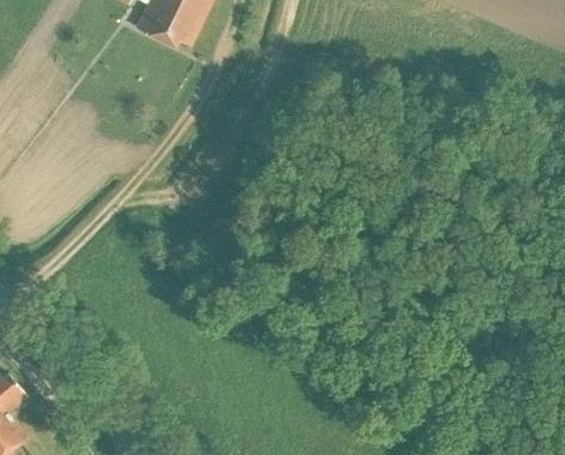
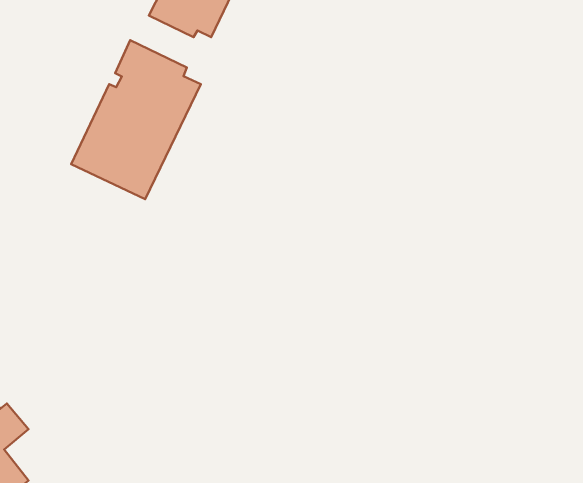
building: none -> [71,40,201,199]

